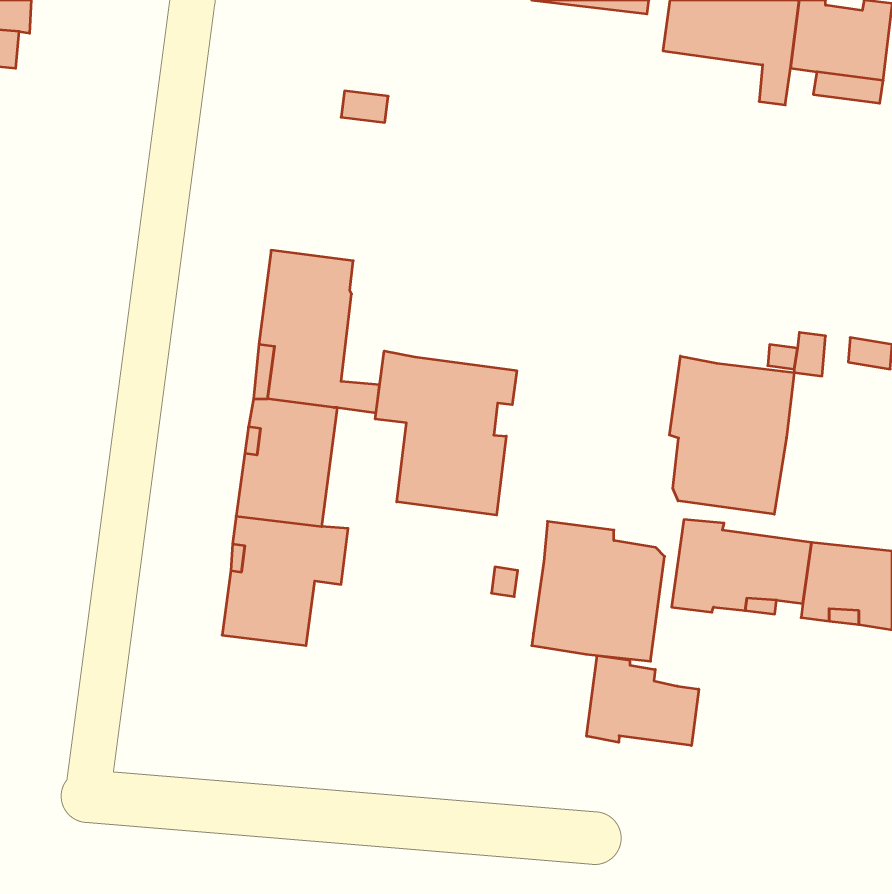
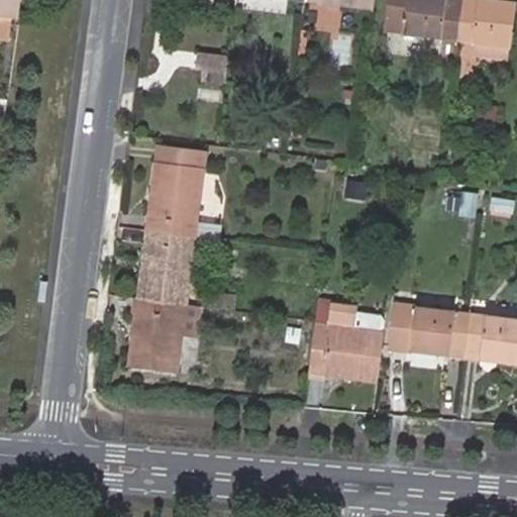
building: [375,351,517,515] -> none
building: [669,356,794,514] -> none
building: [587,656,699,746] -> none

